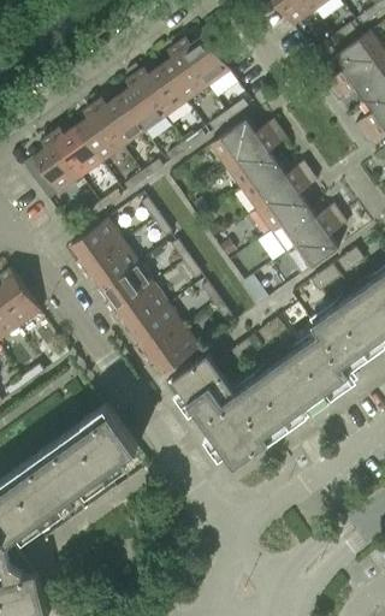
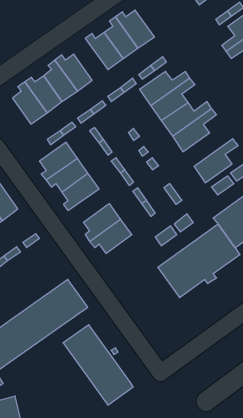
building: [120,75,167,132] -> none
building: [272,205,342,253] -> none
building: [112,284,170,331] -> none
building: [173,355,271,467] -> [63,325,133,405]

